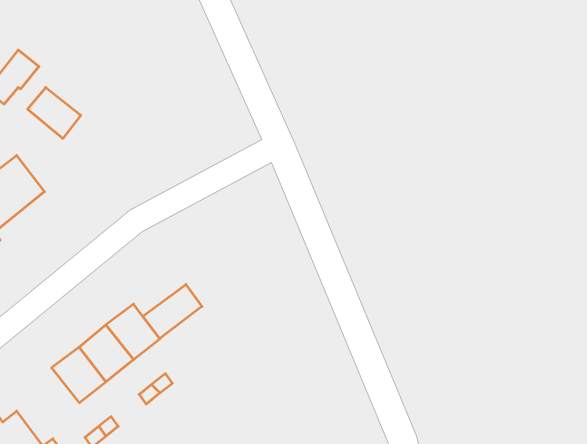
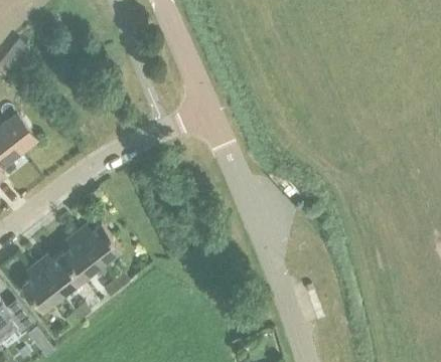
building: [28,87,81,138] -> none
building: [143,284,202,338] -> none
building: none -> [20,269,60,311]

